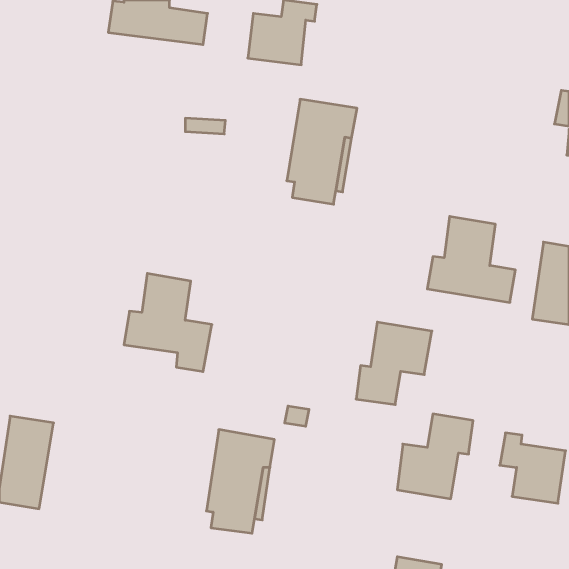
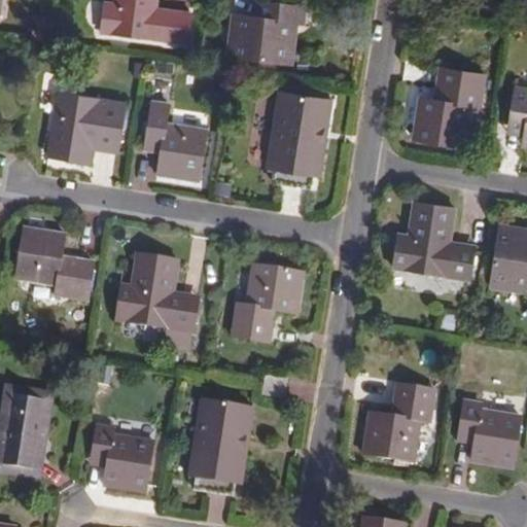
building: none -> [415,68,485,144]
building: none -> [47,93,126,164]
building: none -> [145,102,207,181]
building: none -> [16,226,95,296]
building: [356,322,432,405] -> [233,265,303,341]
building: none -> [92,424,153,490]

